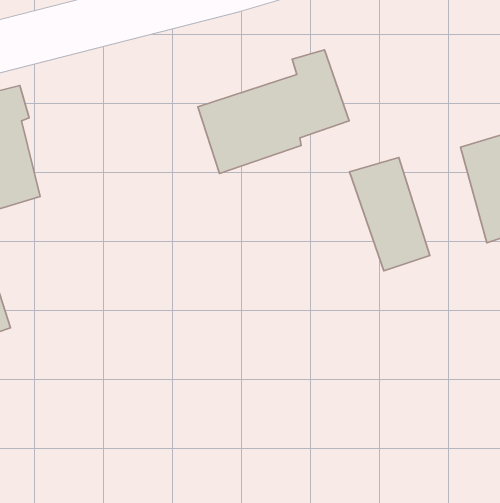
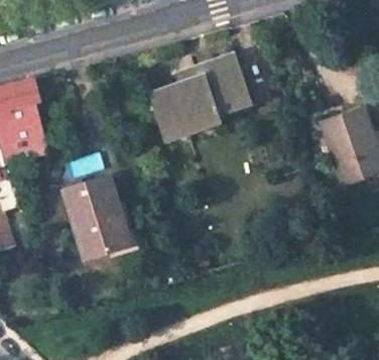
building: [349,157,430,271] -> none
building: none -> [66,174,130,255]

